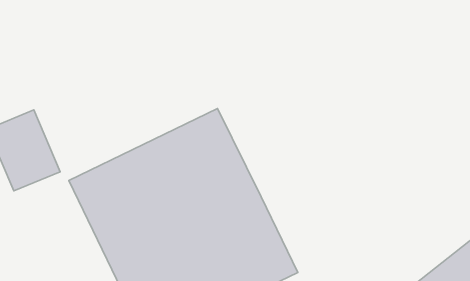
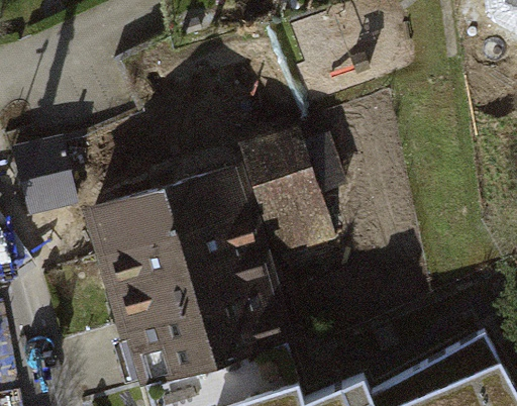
building: none -> [236,125,337,261]

